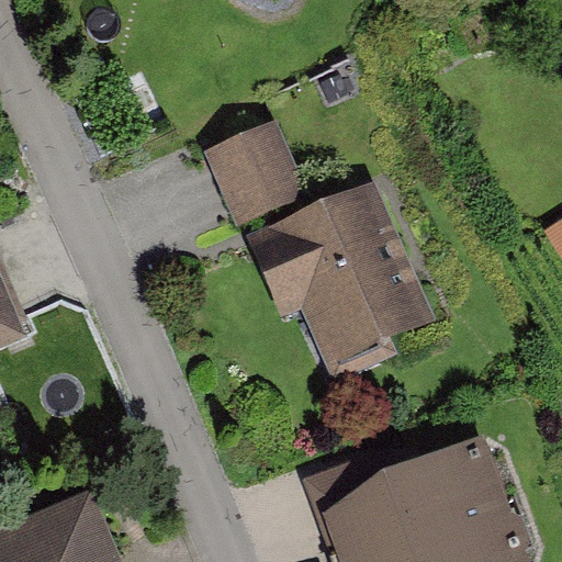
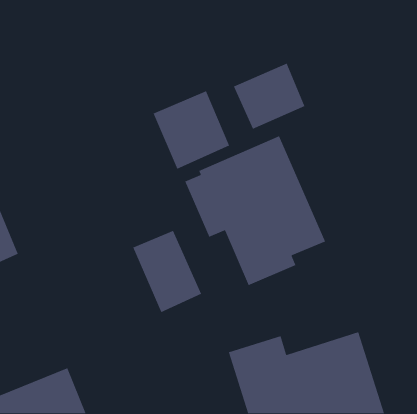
building: none -> [233,62,306,130]
building: none -> [132,230,202,313]

